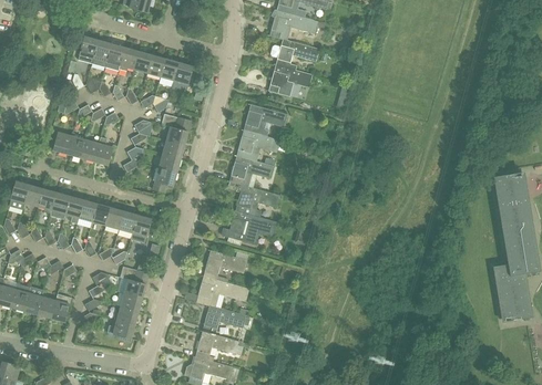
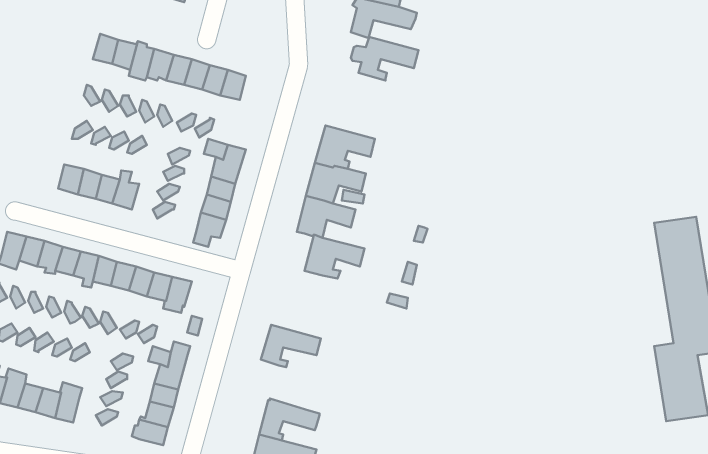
building: [268,64,313,95] -> none
building: [221,208,276,243] -> none
building: [184,275,249,305] -> none

